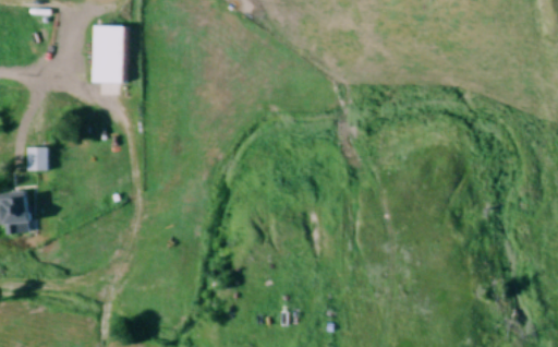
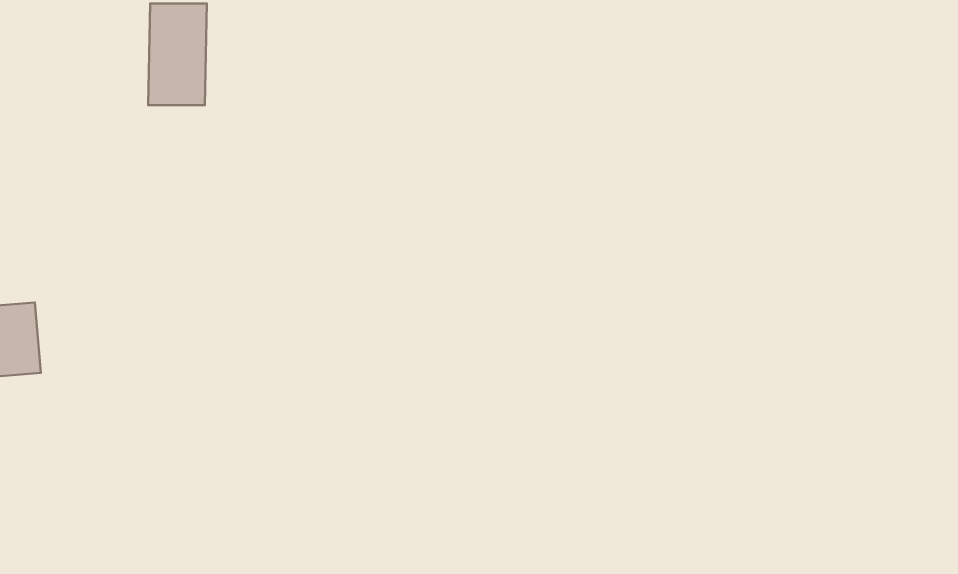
building: [28,147,49,169] -> none

